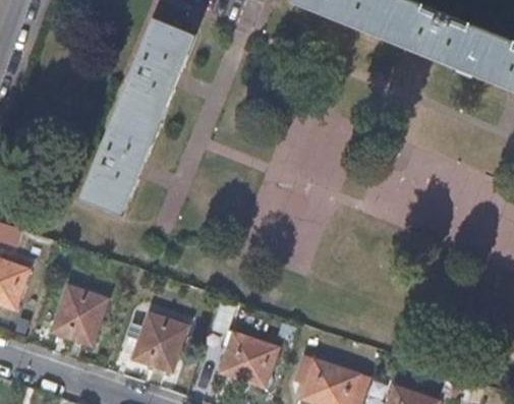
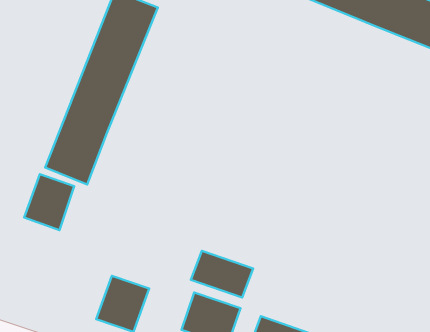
building: [51,286,103,344] -> [24,174,74,230]
building: none -> [191,251,253,298]

